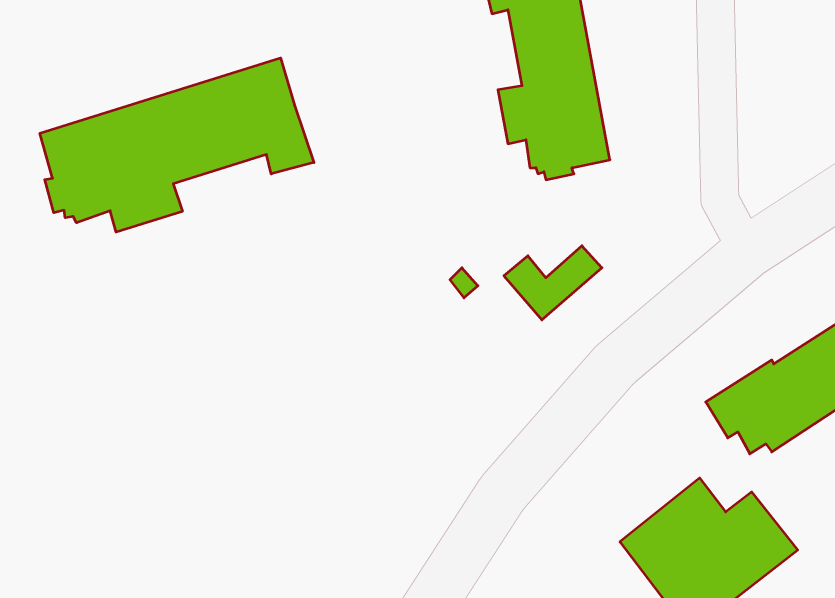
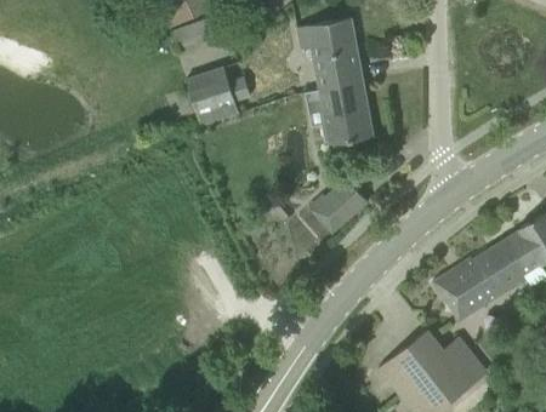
building: none -> [184,68,237,126]
building: [40,58,314,232] -> none

